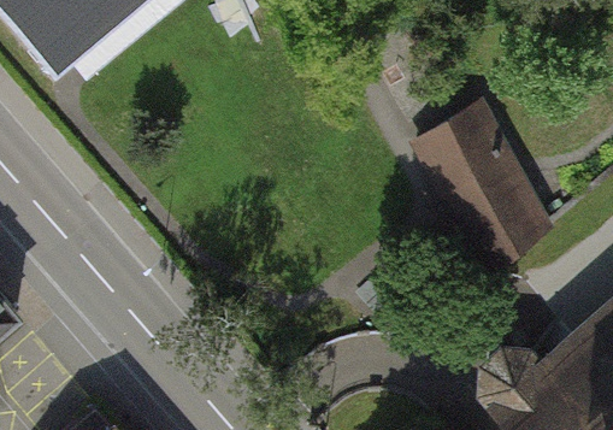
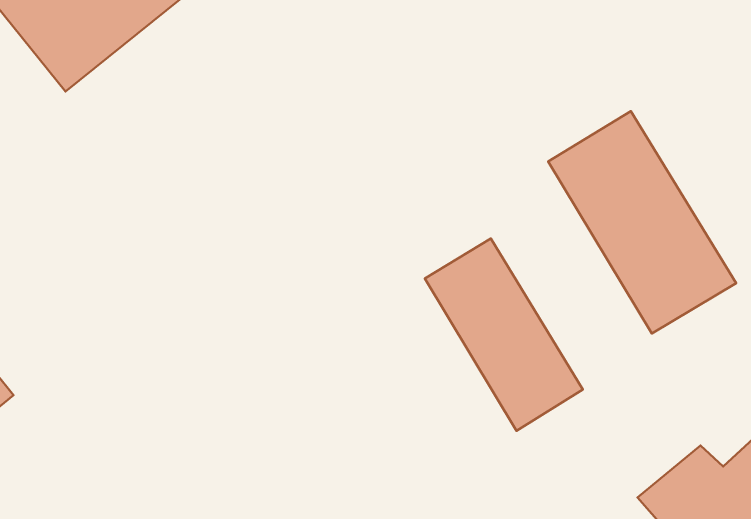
building: none -> [425,238,583,431]

